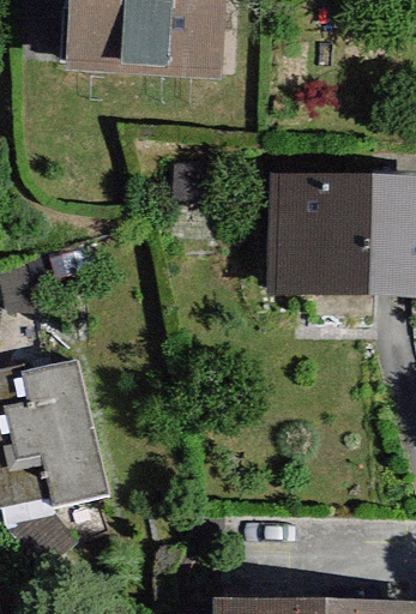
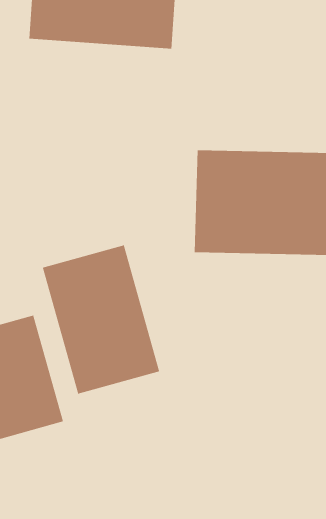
building: none -> [42,245,160,394]

